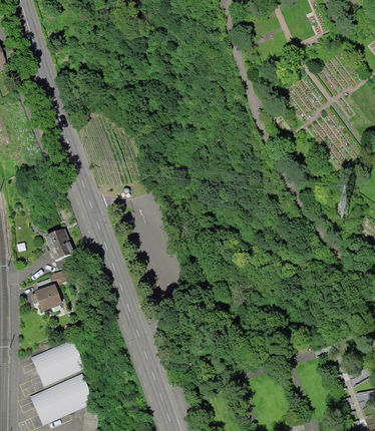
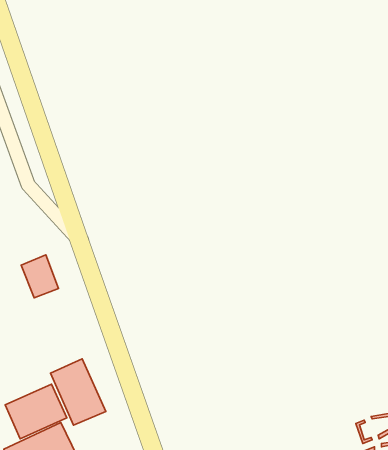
building: [37,286,64,313] -> none
building: none -> [51,359,106,425]

